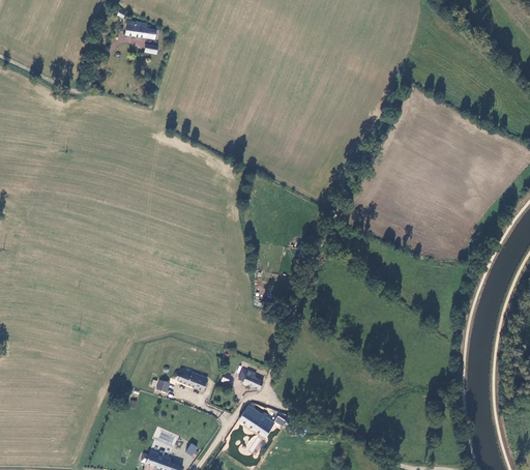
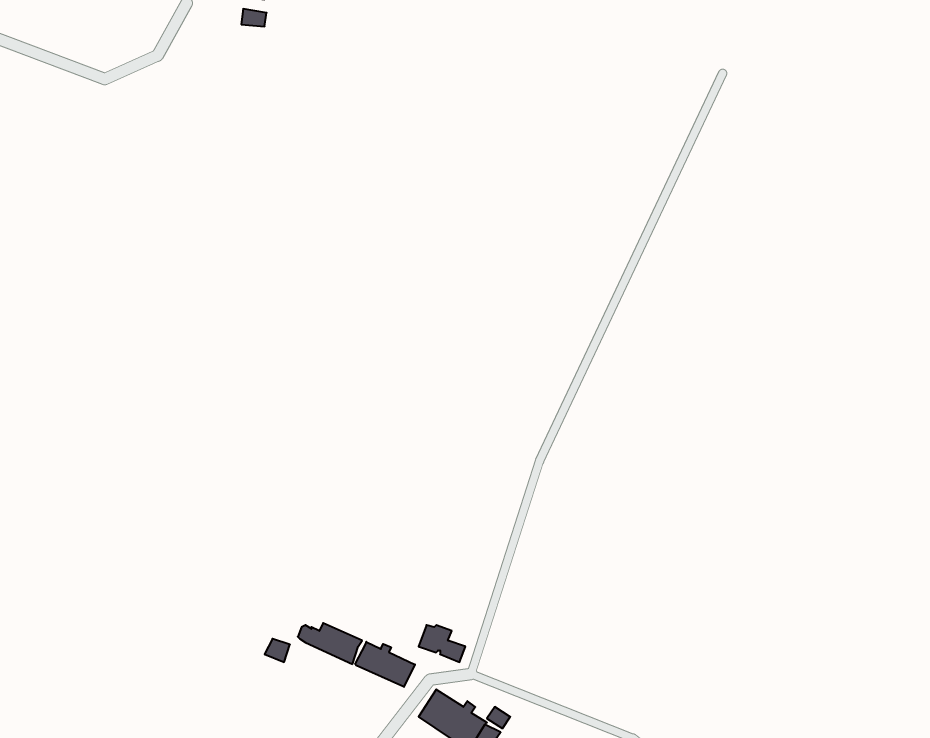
building: none -> [355,642,415,687]

